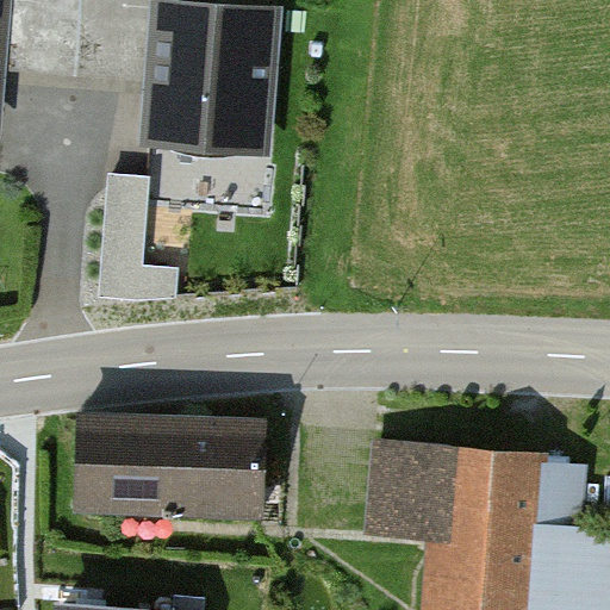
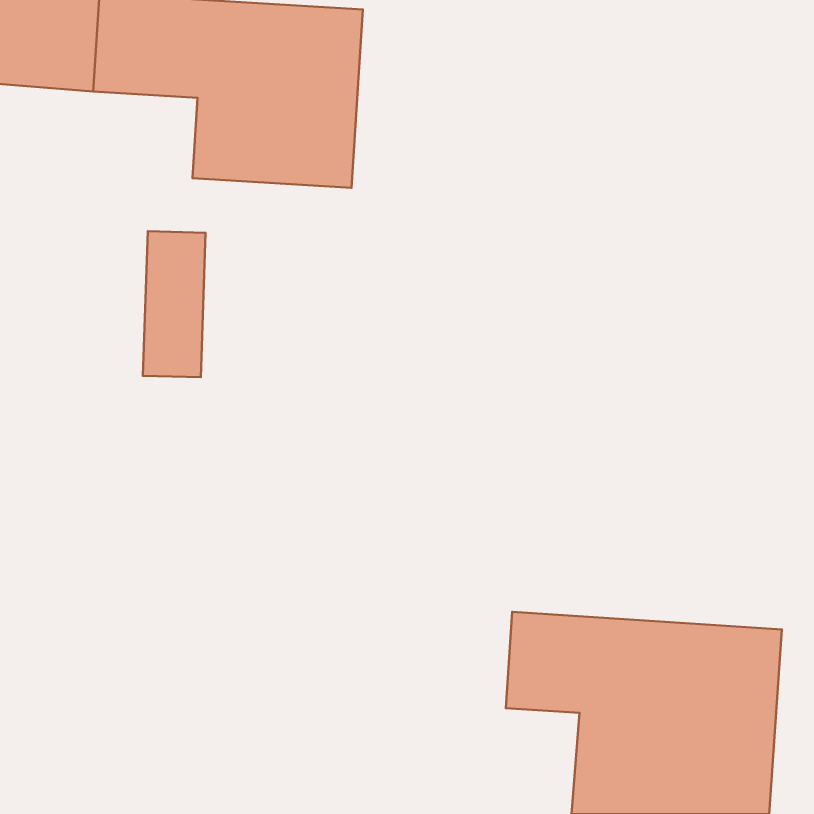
building: [70,423,261,511] -> none

